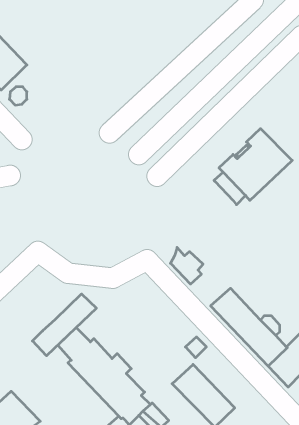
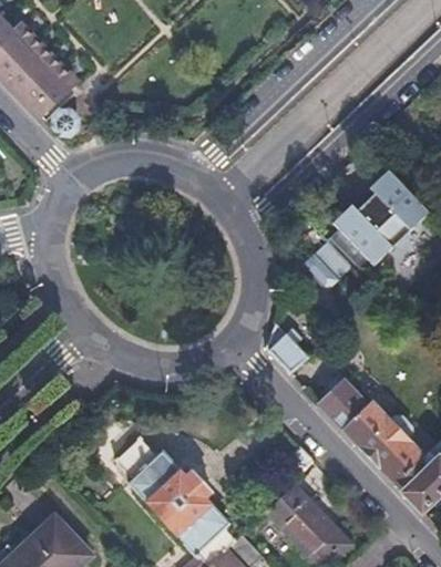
building: none -> [301,240,349,288]
building: [32,294,96,356] -> none

